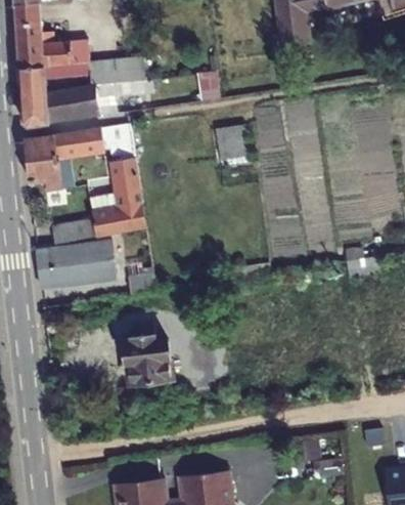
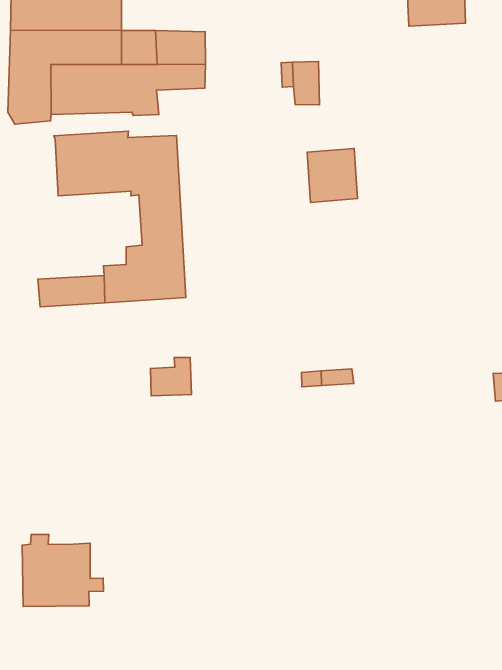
building: [24,134,60,188] -> none
building: [36,240,115,286] -> none
building: [126,335,180,382] -> [22,535,103,606]

